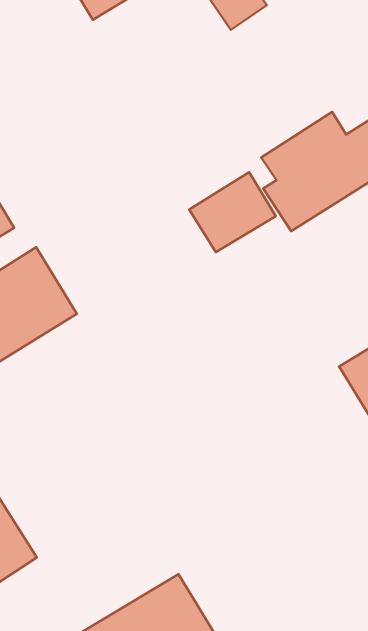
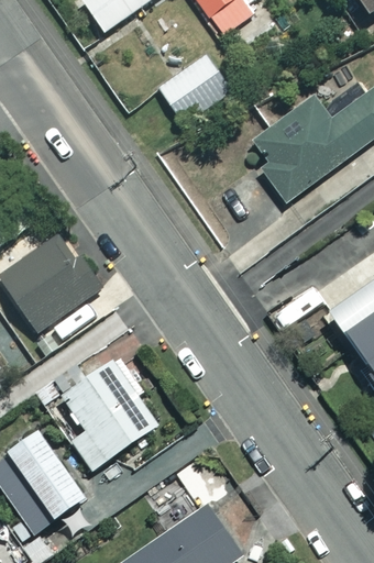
building: [189,172,276,252] -> [158,54,233,124]
building: none -> [62,355,158,470]

